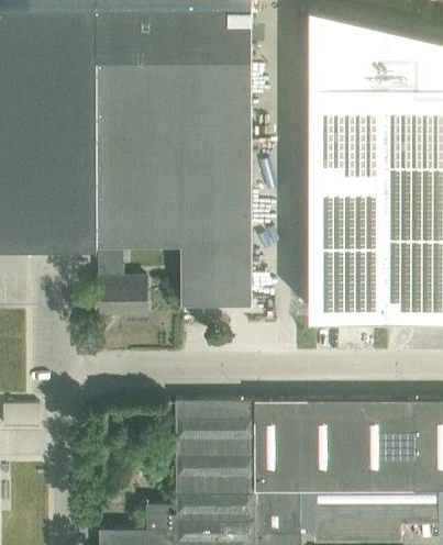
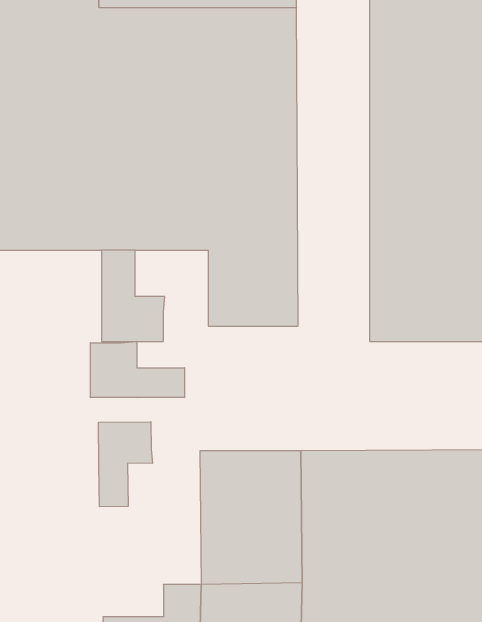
building: none -> [90,341,185,398]
building: none -> [98,422,153,507]

